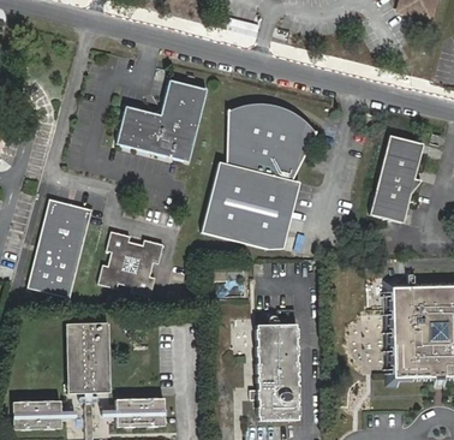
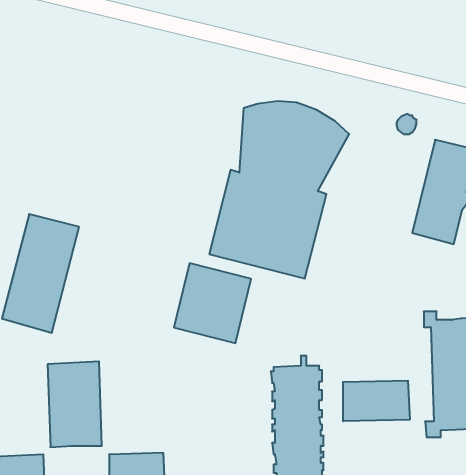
building: [115,79,204,160] -> none
building: [98,230,163,297] -> [174,263,251,343]
building: none -> [343,381,410,421]

